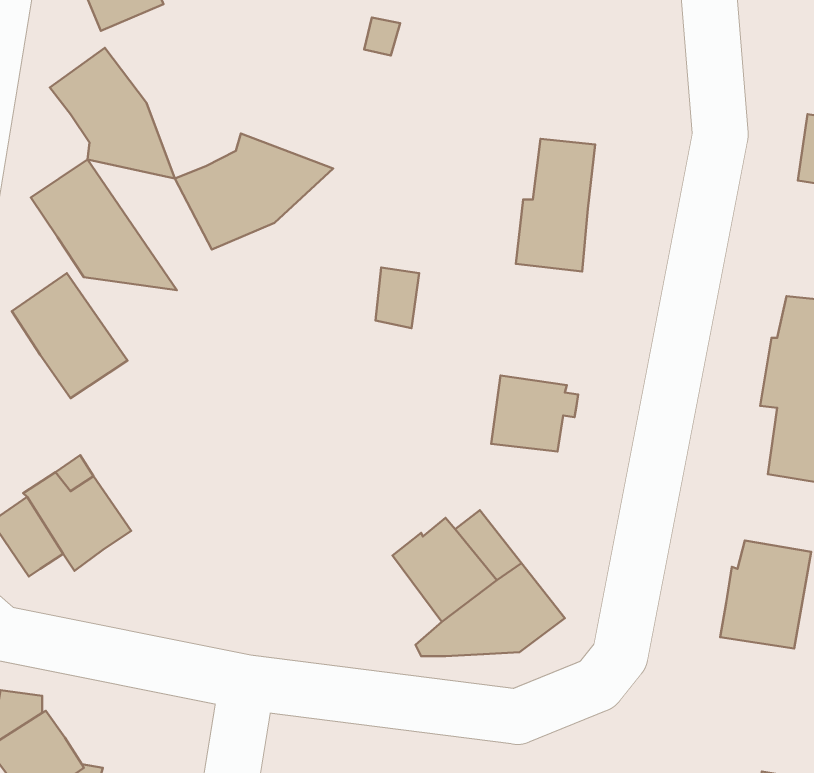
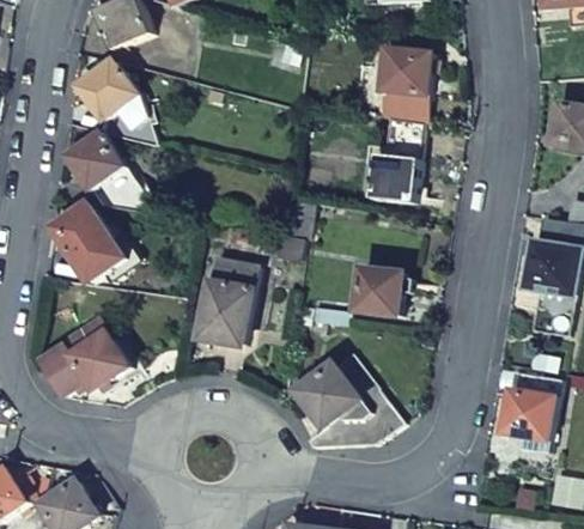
building: none -> [377,48,428,122]
building: [175,133,333,250] -> none
building: none -> [201,257,255,342]

